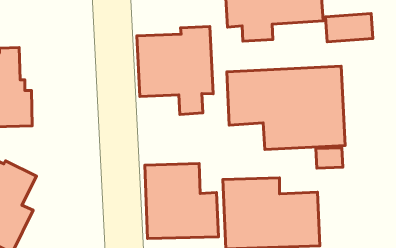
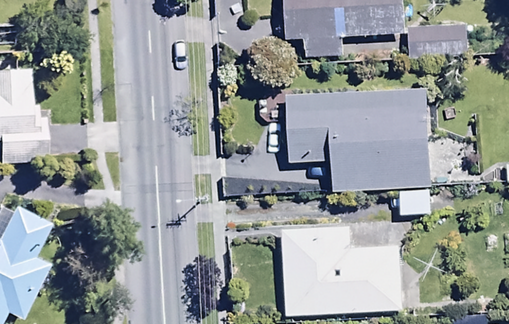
building: [137,27,213,114] -> none
building: [145,164,218,239] -> none

